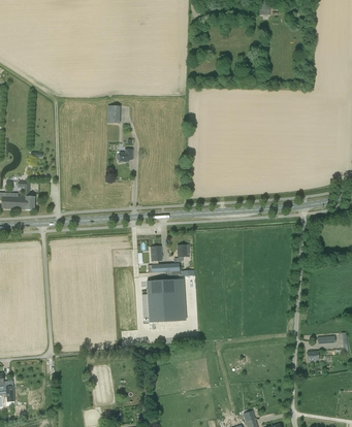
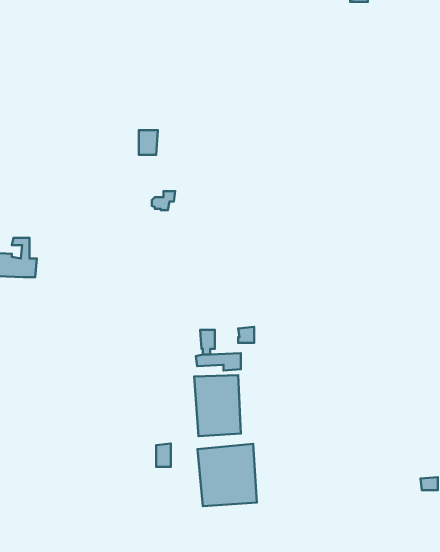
building: none -> [198,444,257,506]

